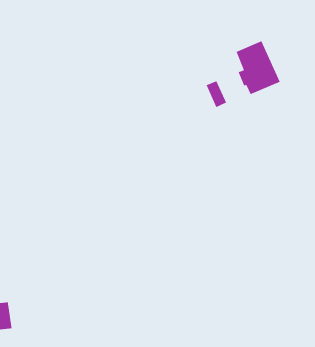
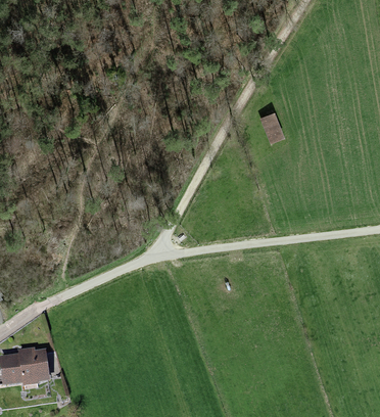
building: [236,40,281,95] -> none

